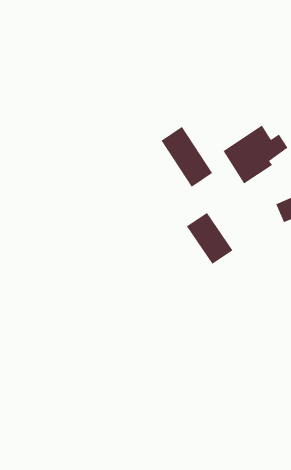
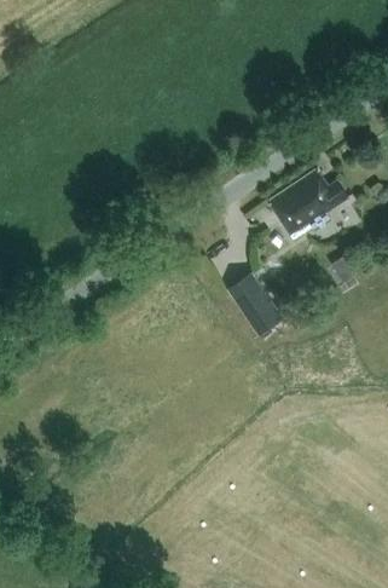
building: [160,126,213,188] -> none

